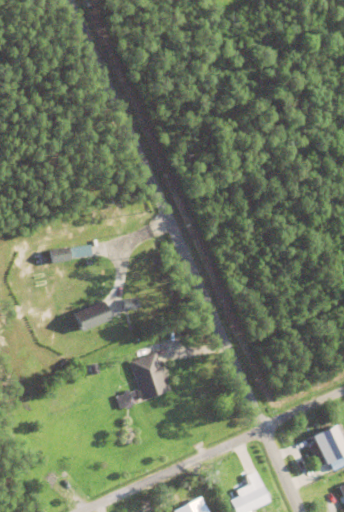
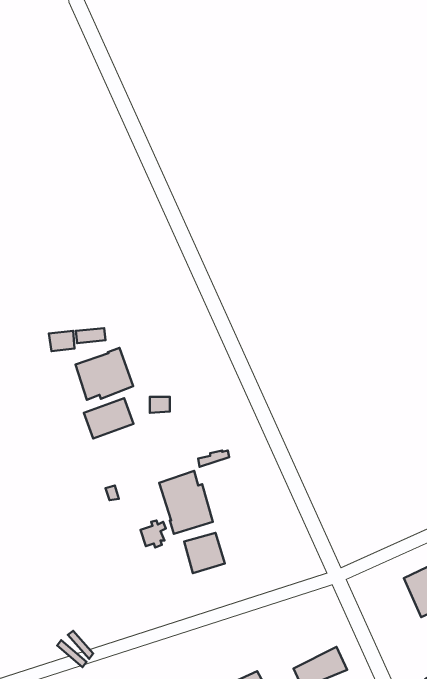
building: none -> [76,348,133,400]
building: none -> [184,533,225,573]

